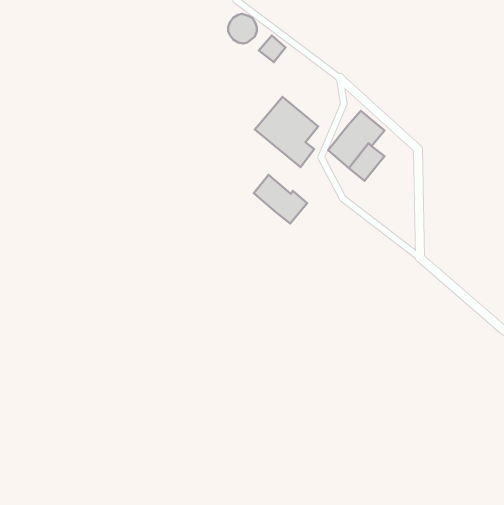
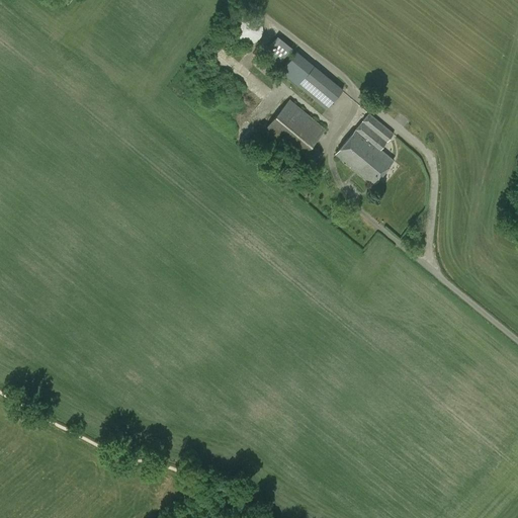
building: none -> [281,52,344,110]
building: [254,175,307,224] -> none

